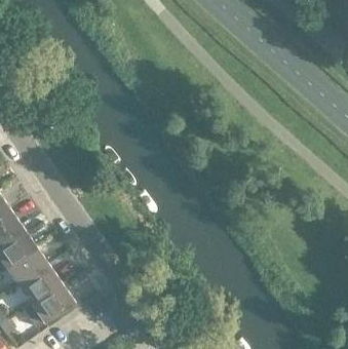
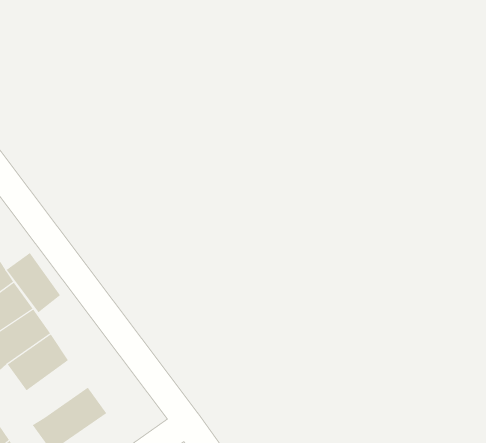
building: none -> [6,252,61,313]
building: [18,266,62,306] -> none

